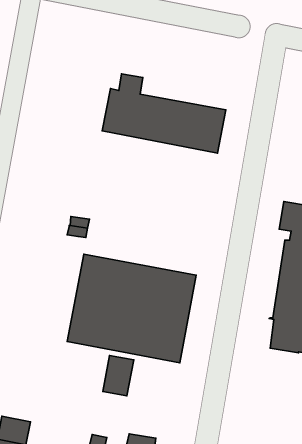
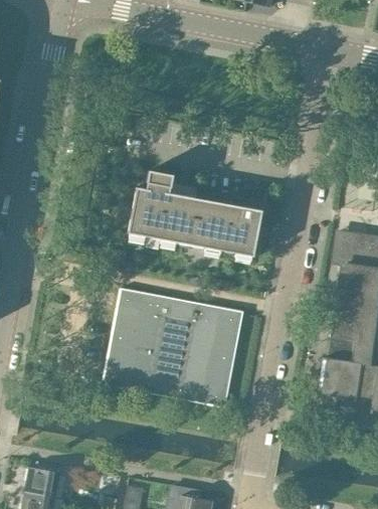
building: [102,74,226,153] -> [128,170,262,257]
building: [103,356,134,396] -> none

